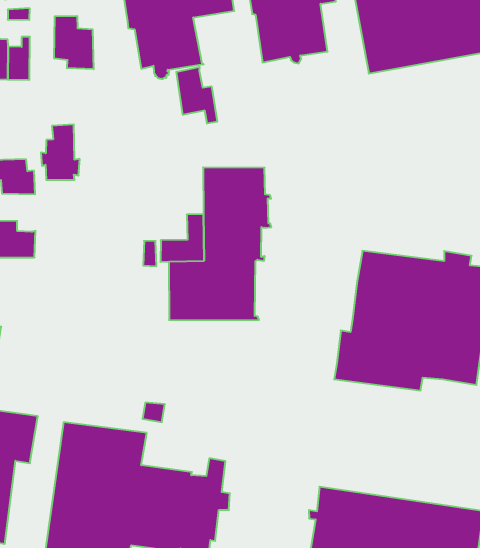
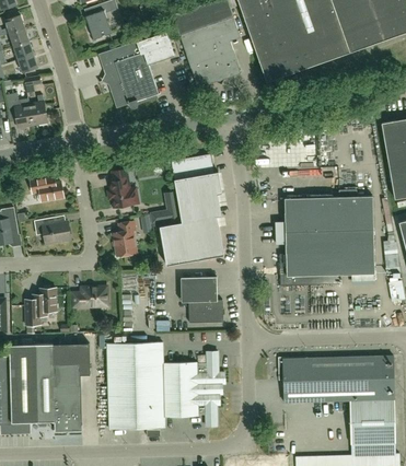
building: [54,16,94,69] -> none
building: [176,67,217,124] -> none
building: [41,125,80,180] -> [107,168,135,208]
building: none -> [112,221,136,256]
building: none -> [72,287,107,307]
building: none -> [181,277,223,323]

